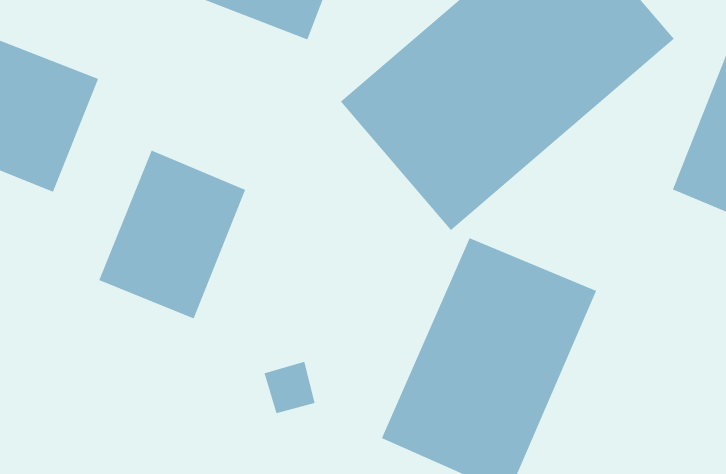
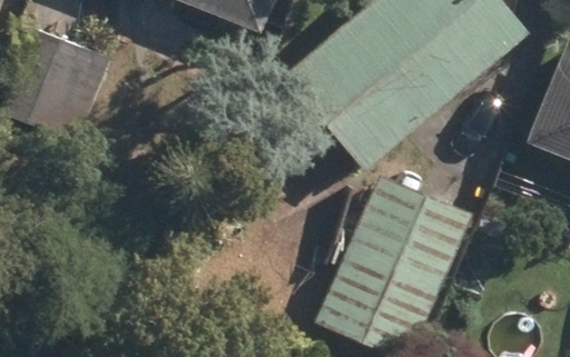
building: [98,149,246,319] -> none

